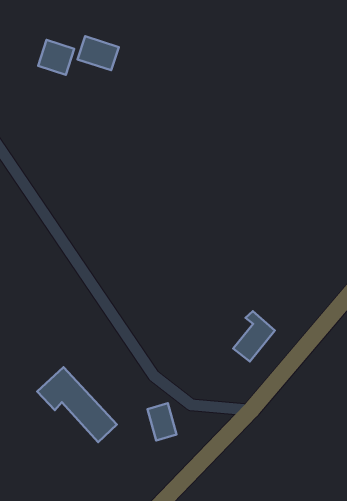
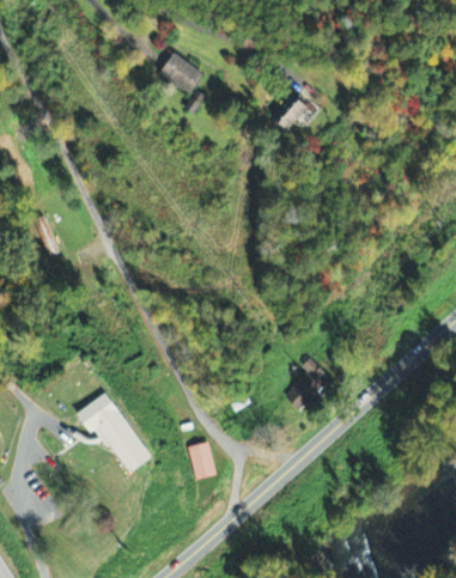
building: [38,40,74,75] -> none
building: none -> [268,91,306,130]

